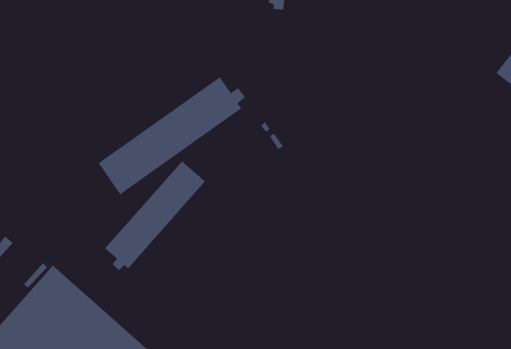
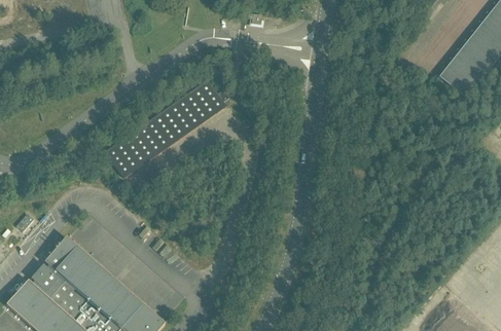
building: [104,161,206,271] -> none

